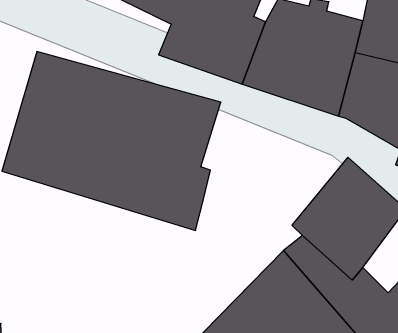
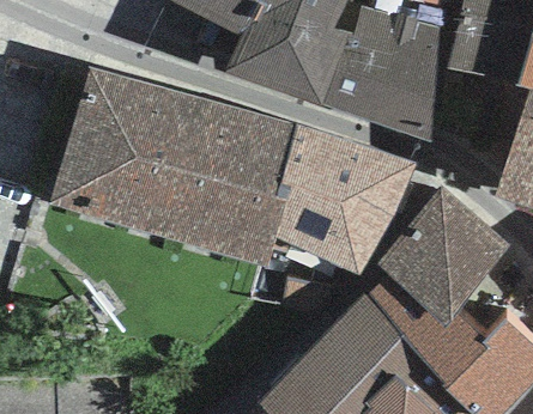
building: none -> [275,123,417,273]

